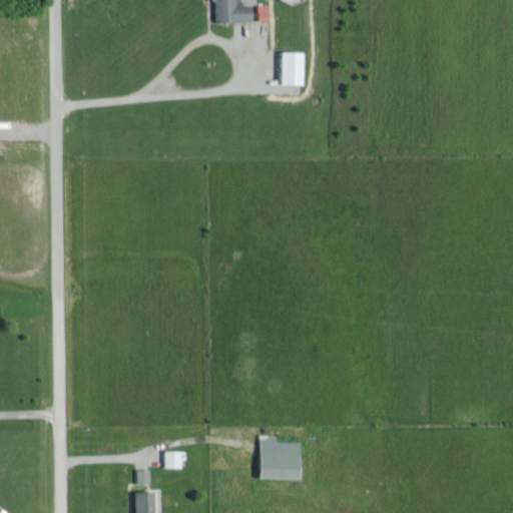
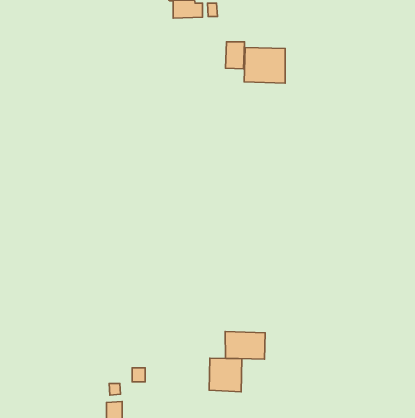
building: none -> [244,47,285,83]
building: none -> [225,332,265,359]

